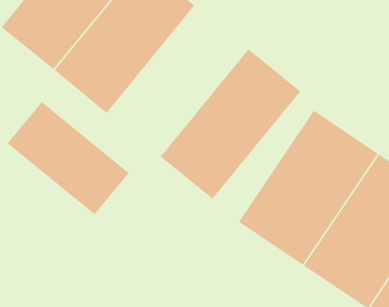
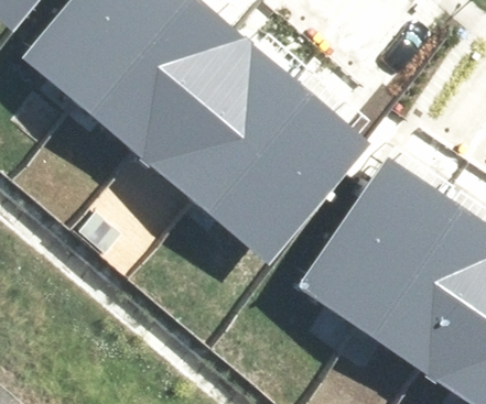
building: none -> [142,31,310,209]
building: [7,101,129,215] -> none

